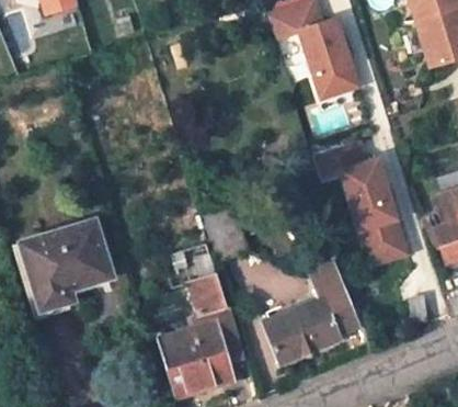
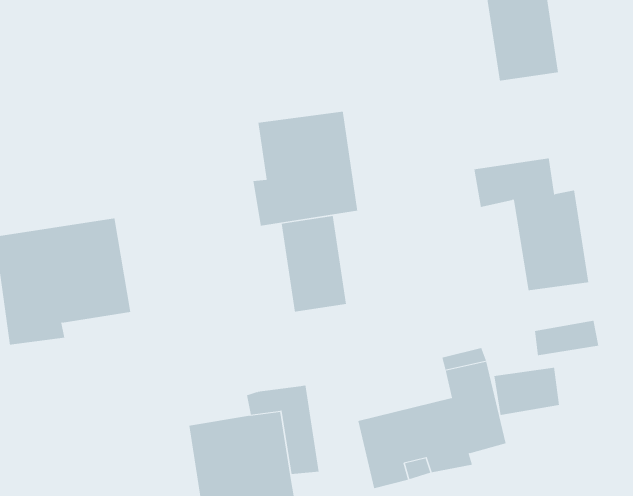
building: none -> [253,111,358,227]
building: [357,214,401,249] -> [493,367,560,416]
building: [191,253,226,313] -> none

